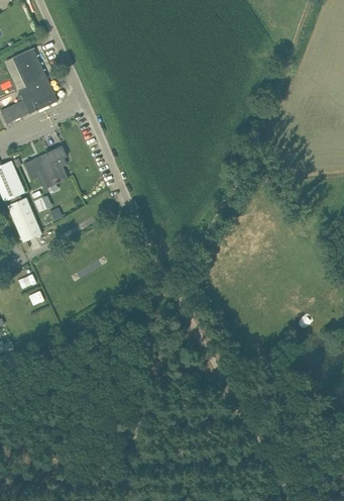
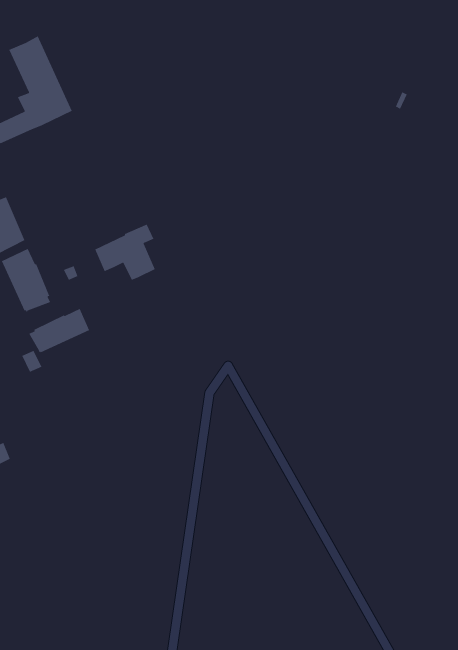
building: [23,145,67,186] -> [94,223,156,281]
building: none -> [28,308,90,353]

